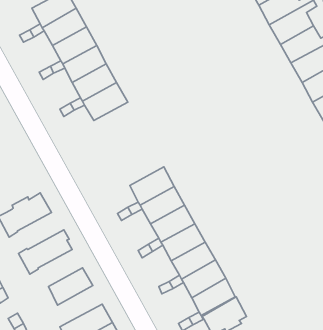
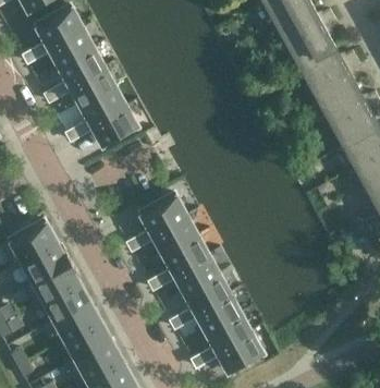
building: none -> [21,242,70,281]
building: none -> [42,281,89,320]
building: none -> [63,319,110,359]

